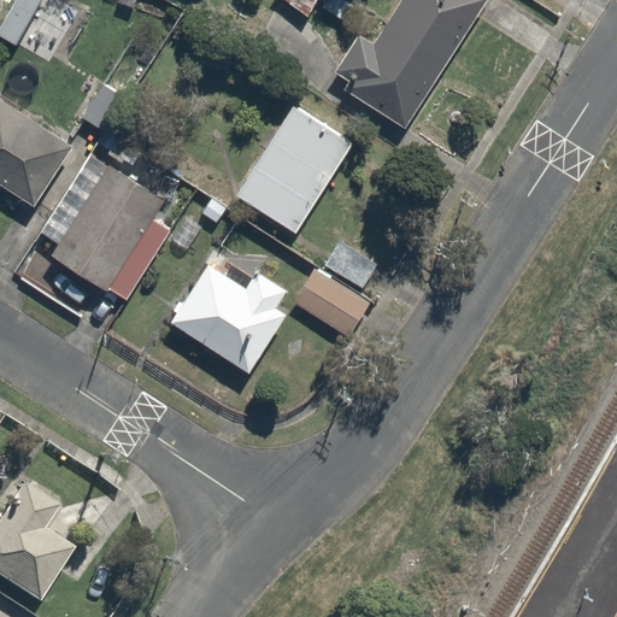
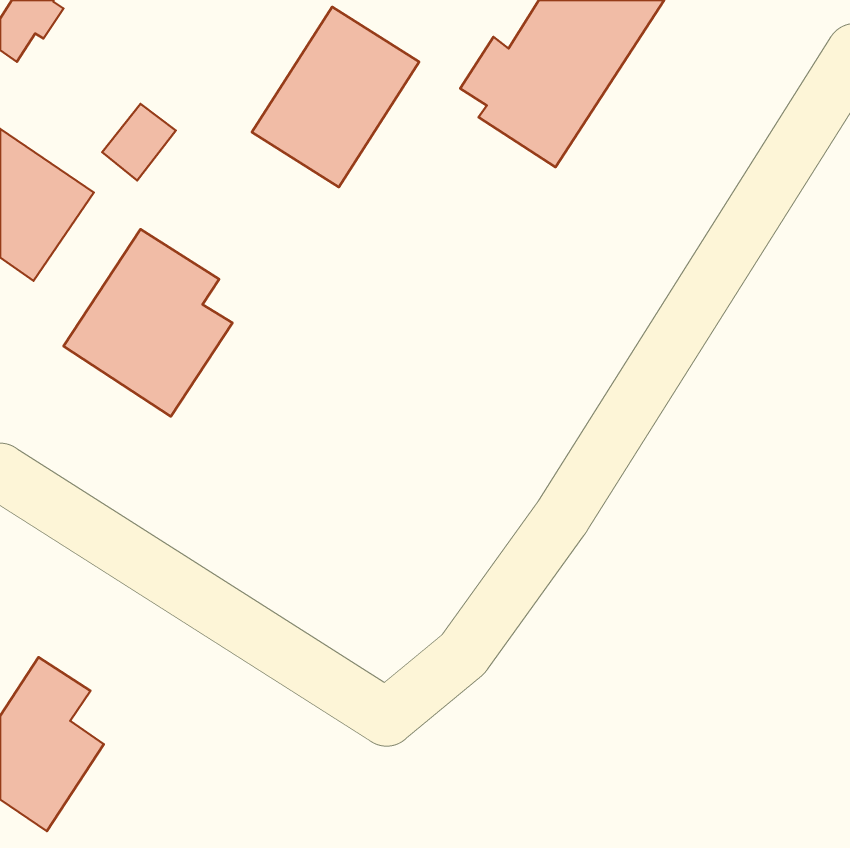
building: [233,101,353,231] -> [252,7,419,187]
building: [165,259,288,371] -> none
building: [294,269,372,342] -> none

